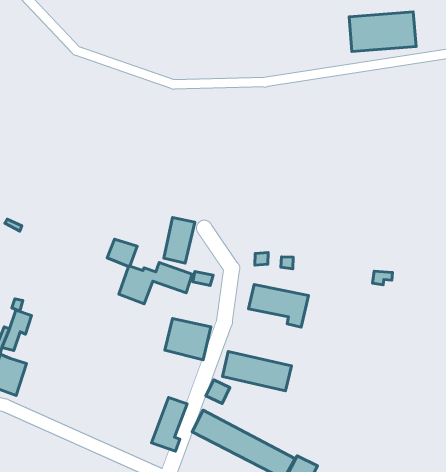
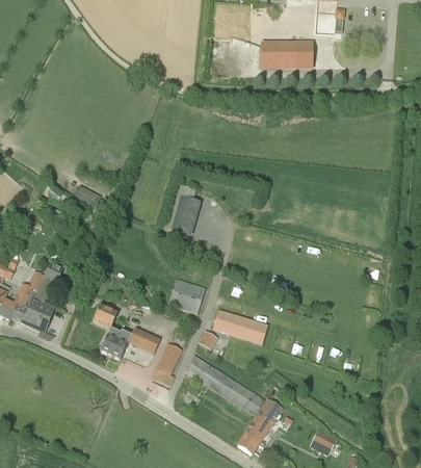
building: [349,12,416,52] -> [260,42,312,70]
building: none -> [74,186,103,210]
building: [107,239,192,304] -> [93,306,160,360]
building: [248,284,308,327] -> none

